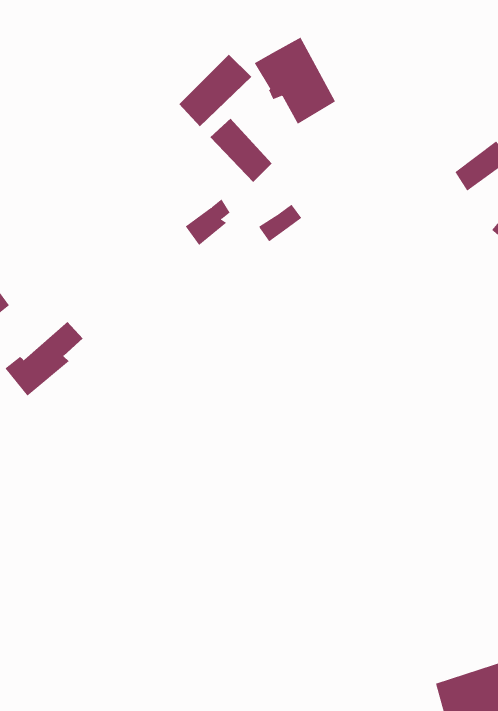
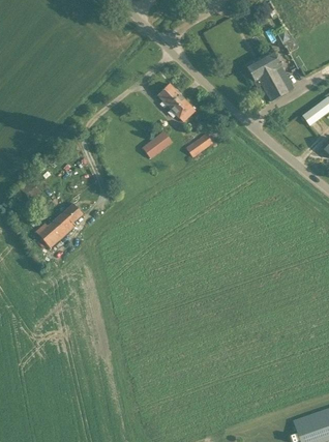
building: [254,37,336,124] -> [245,51,294,102]
building: [179,54,252,127] -> none

